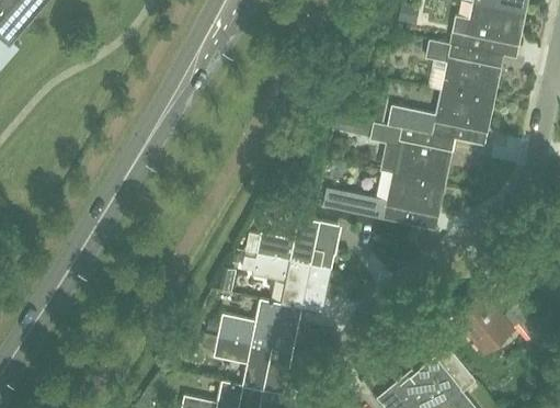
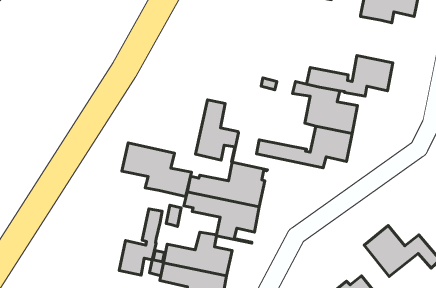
building: [423,41,495,101] -> none
building: none -> [196,100,238,162]
building: none -> [122,143,191,197]
building: none -> [119,209,162,275]

